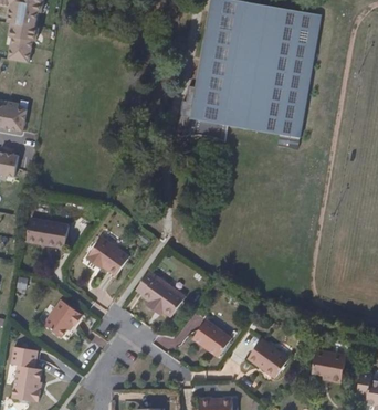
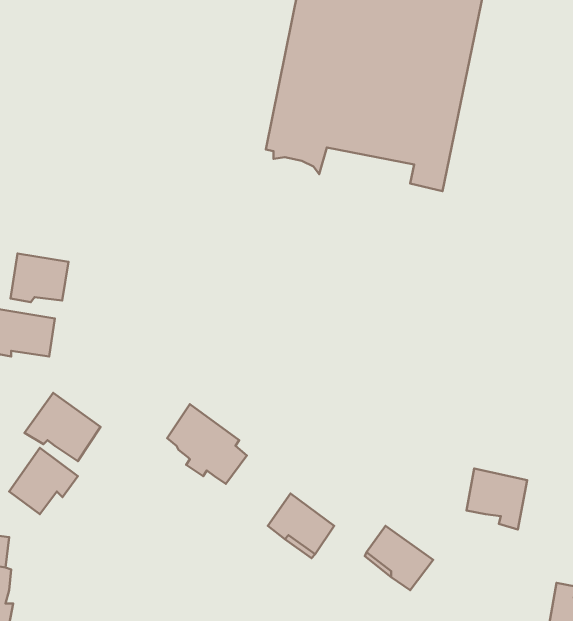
building: none -> [11,253,69,302]
building: [83,238,127,277] -> [25,393,101,461]
building: [308,353,344,388] -> [466,469,527,529]

